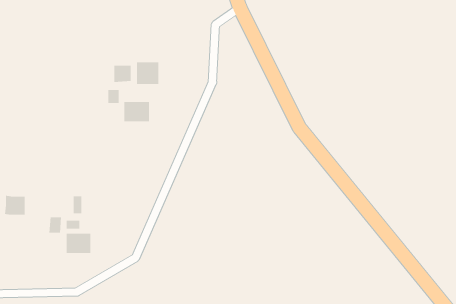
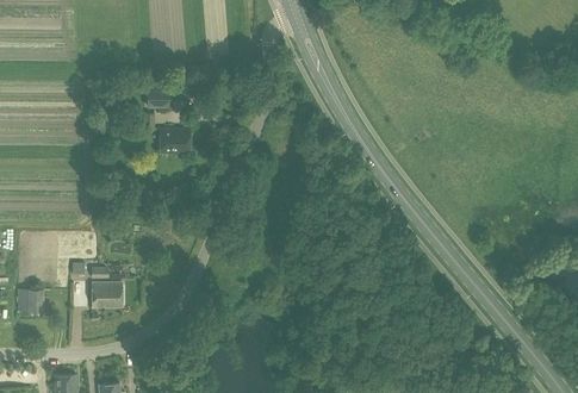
building: [136,62,159,85] -> none
building: [4,195,26,215] -> [19,287,44,311]

